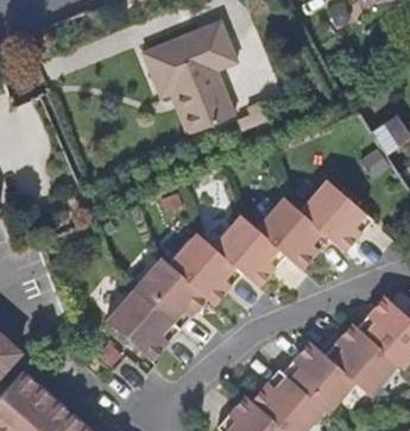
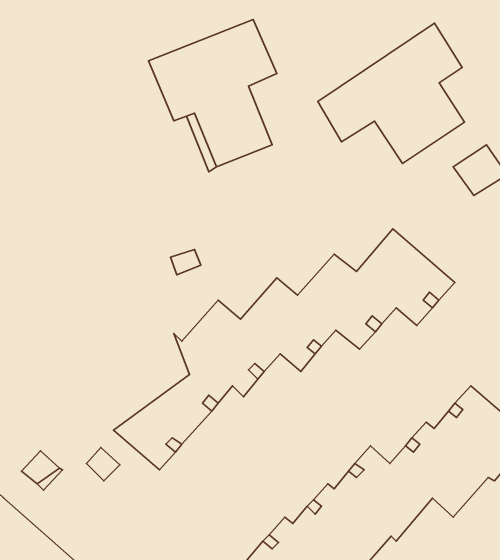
building: none -> [318,23,465,163]
building: [105,256,174,330] -> none

